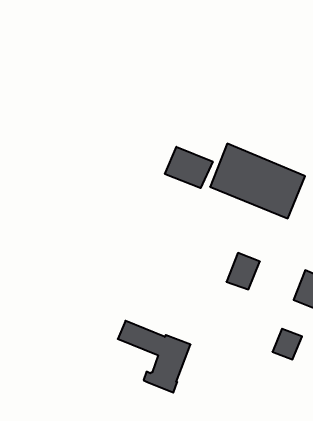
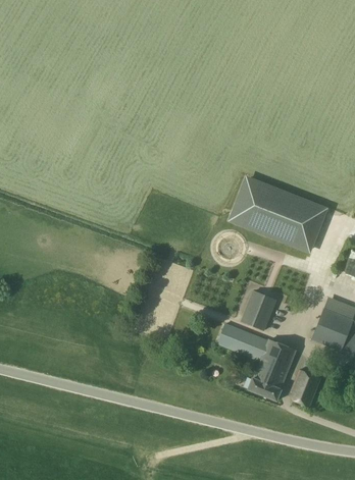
building: [165,147,213,188] -> none
building: [118,321,191,393] -> [218,324,296,401]

